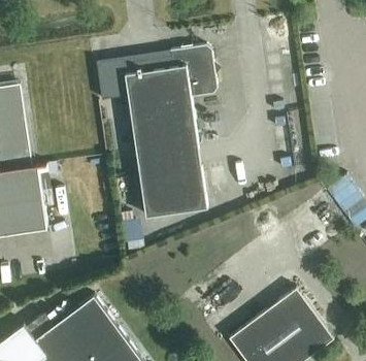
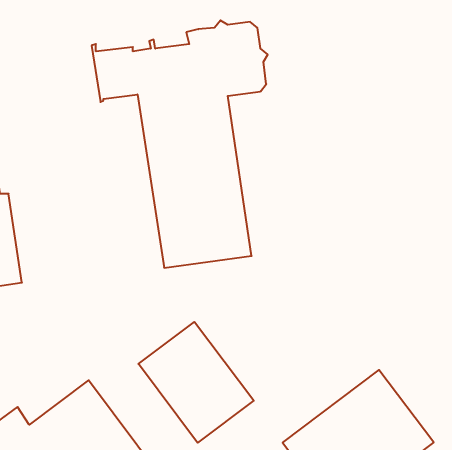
building: none -> [138,322,254,443]

